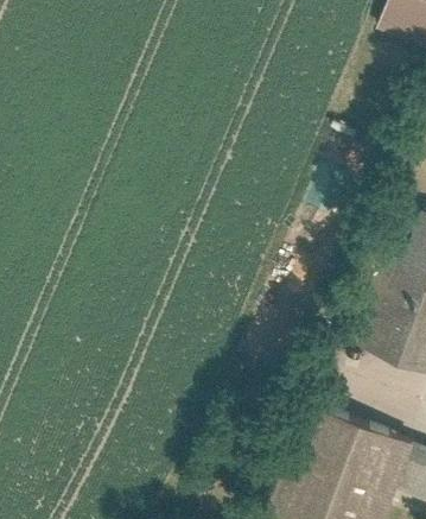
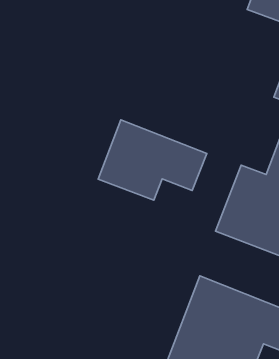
building: none -> [98,120,207,200]

